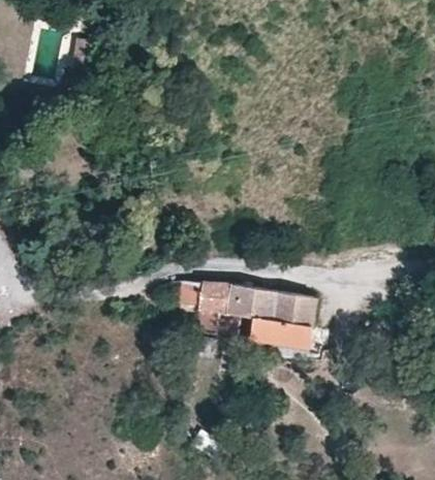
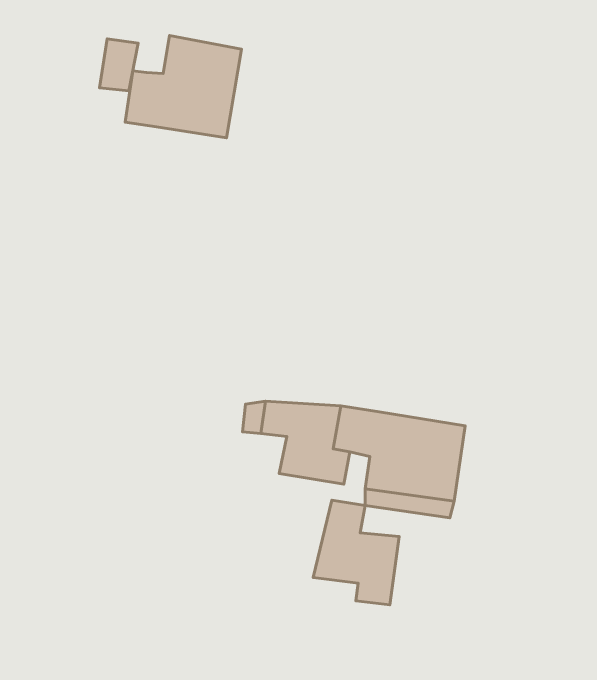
building: none -> [125,35,241,138]
building: none -> [313,500,399,605]

